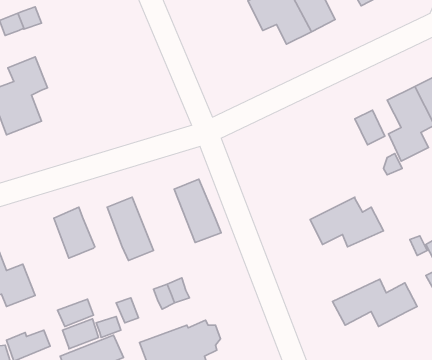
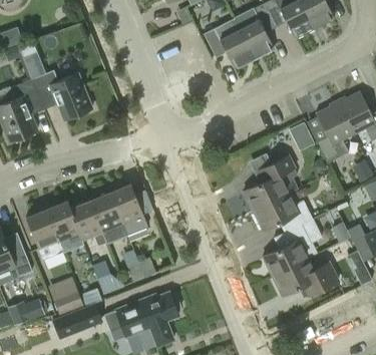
building: none -> [32,69,92,119]
building: none -> [244,154,299,210]
building: [174,179,221,243] -> [110,184,148,235]
building: none -> [70,200,102,240]
building: none -> [26,209,59,249]
building: none -> [262,219,313,276]

